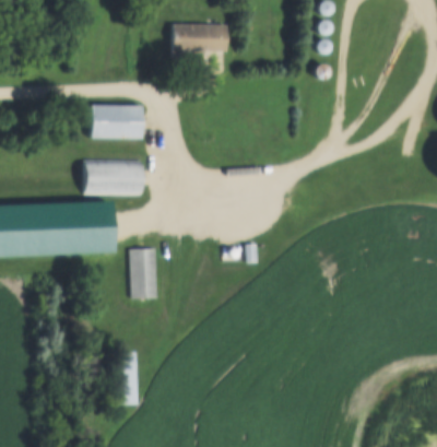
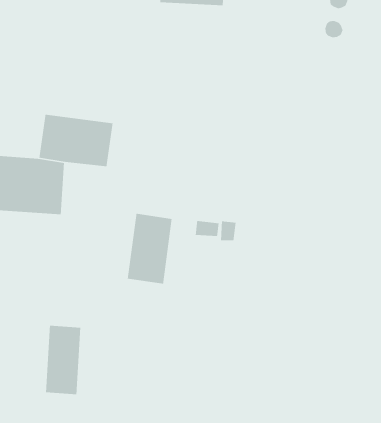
building: [91,102,145,140] -> none
building: [130,240,163,298] -> [127,213,173,285]

